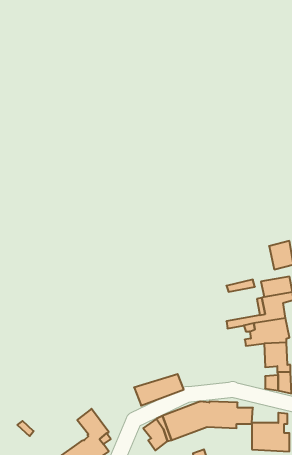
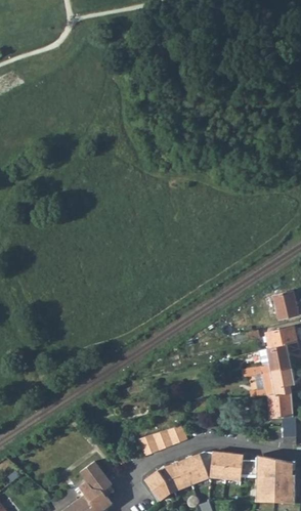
building: none -> [255,455,291,474]

